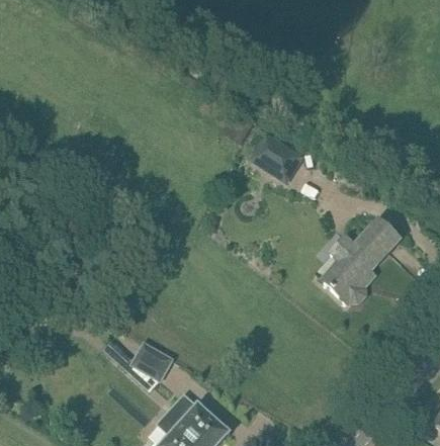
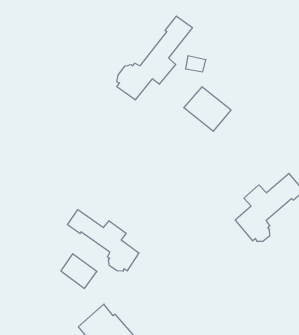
building: none -> [117,16,192,100]
building: none -> [68,210,139,271]

